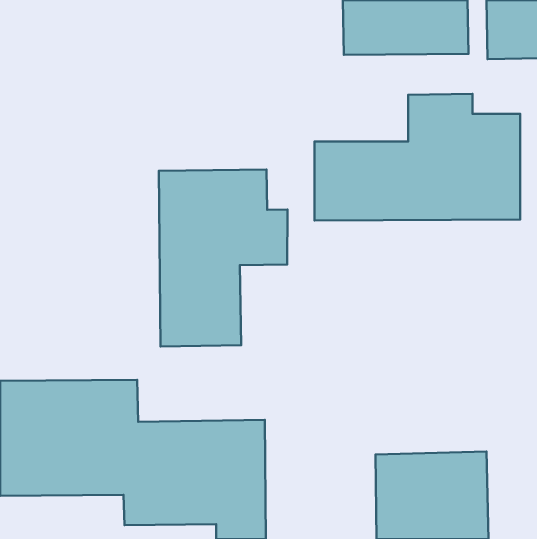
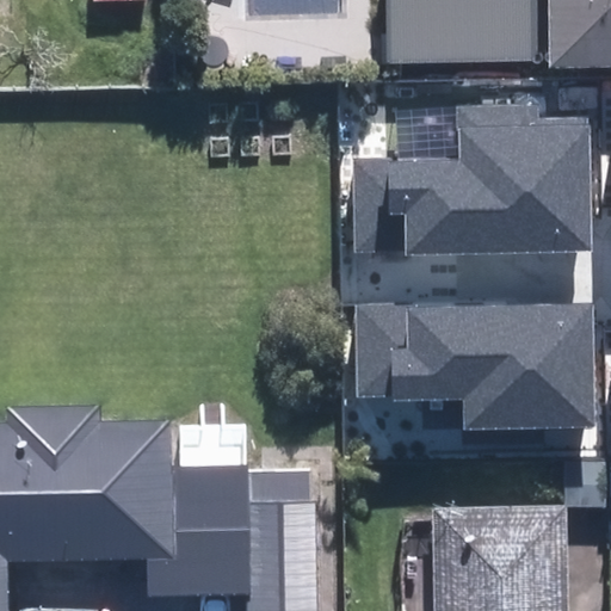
building: [159,169,287,346] -> none
building: none -> [359,306,592,430]

